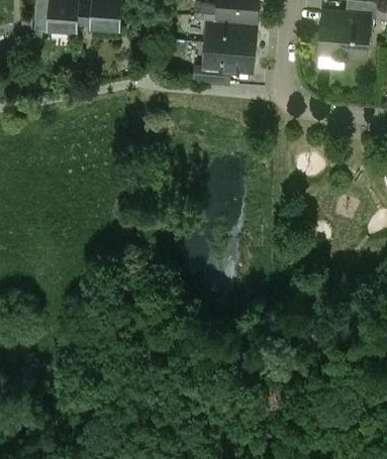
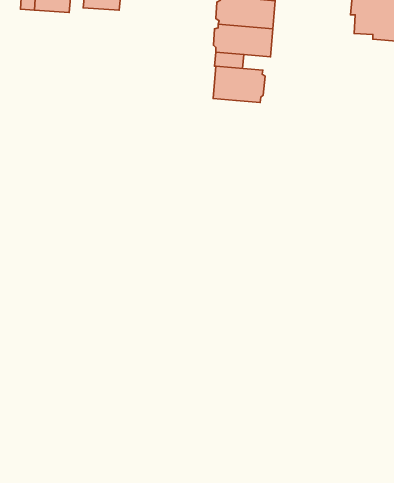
building: none -> [213,66,265,103]

